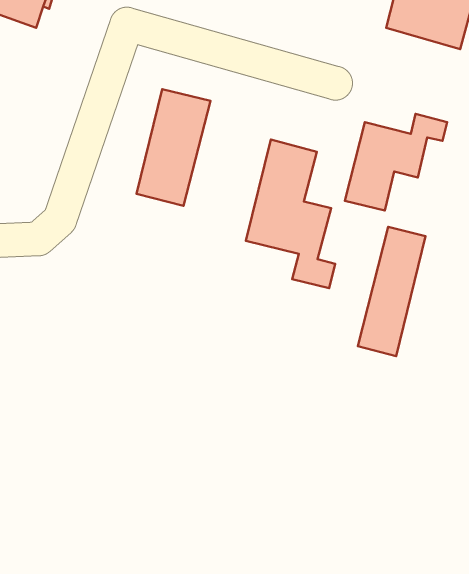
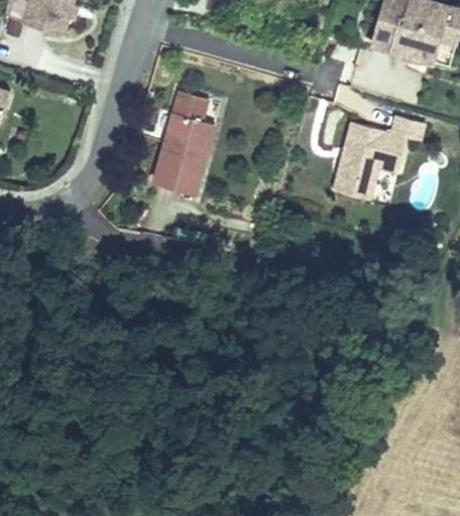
building: [246,139,335,288] -> none
building: [358,227,426,356] -> none

